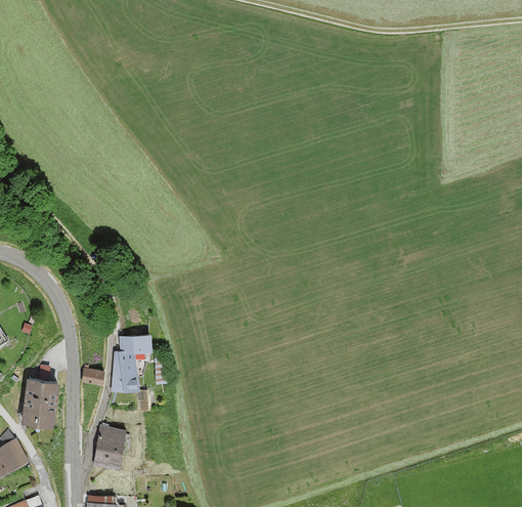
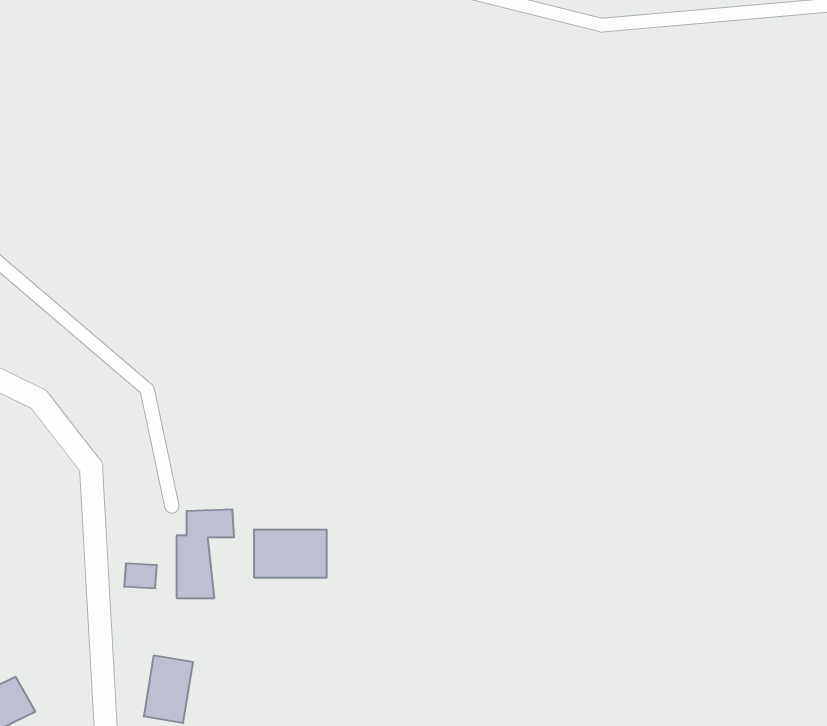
building: none -> [254,529,327,578]
building: [21,378,57,426] -> none

